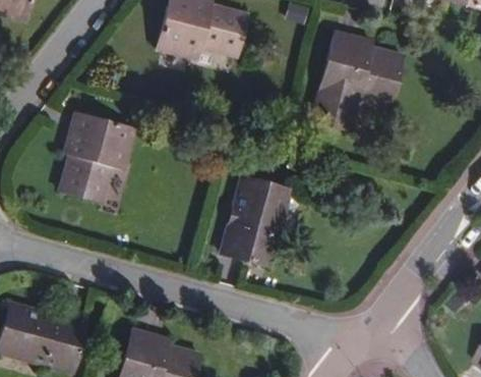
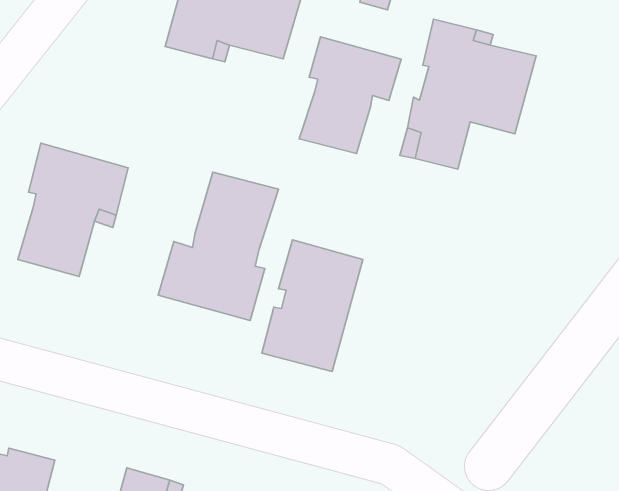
building: none -> [299,37,401,154]
building: none -> [158,172,279,321]

